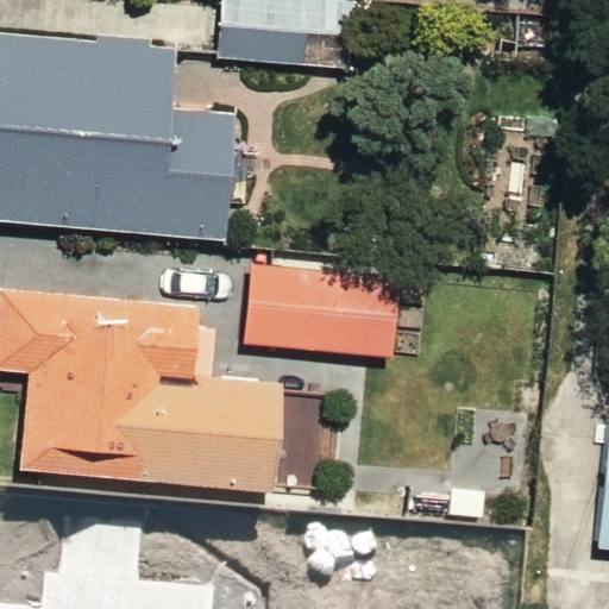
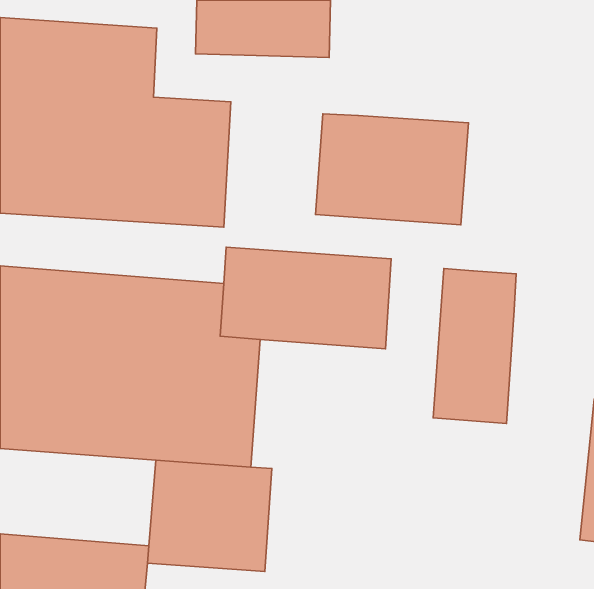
building: none -> [315,114,468,225]
building: none -> [433,268,516,424]

